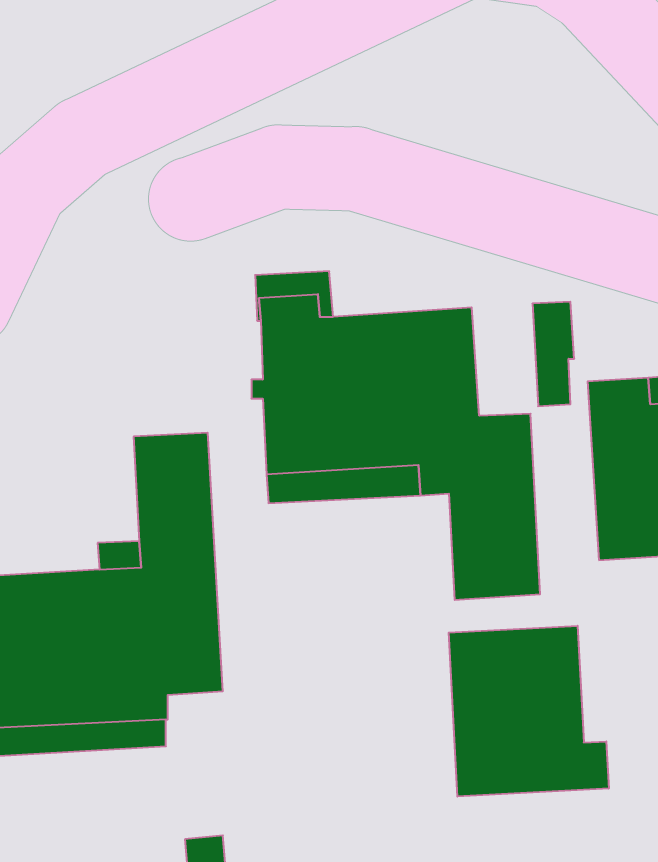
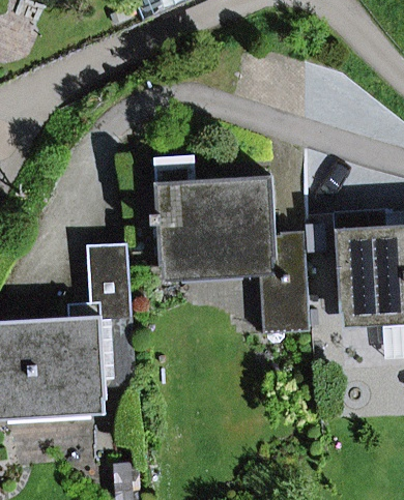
building: [449,626,609,797] -> none

